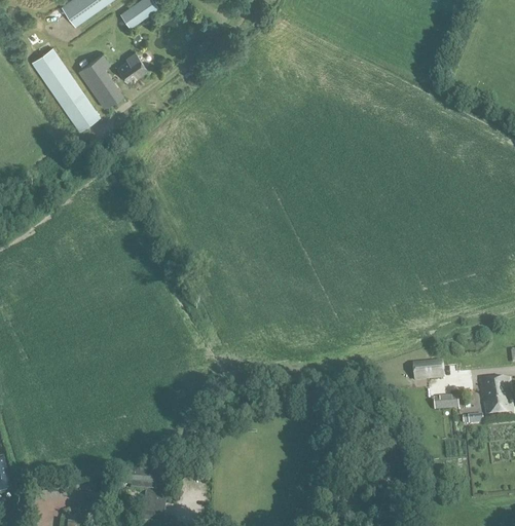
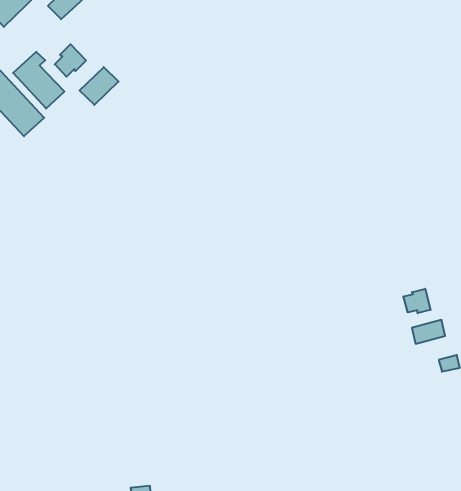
building: none -> [80,67,119,105]
building: none -> [403,289,431,313]

